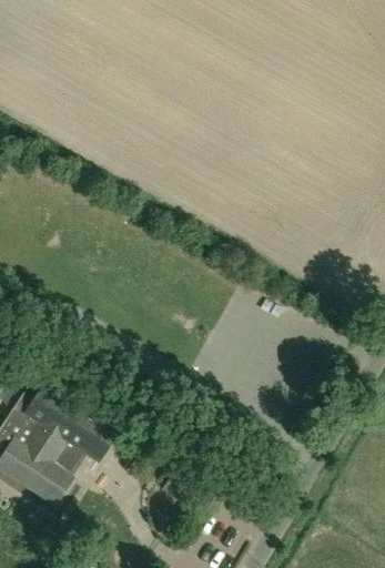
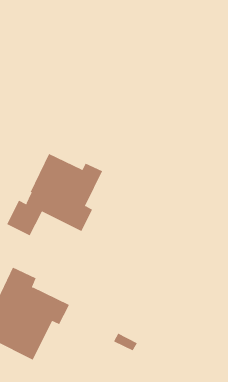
building: none -> [6,153,103,236]

